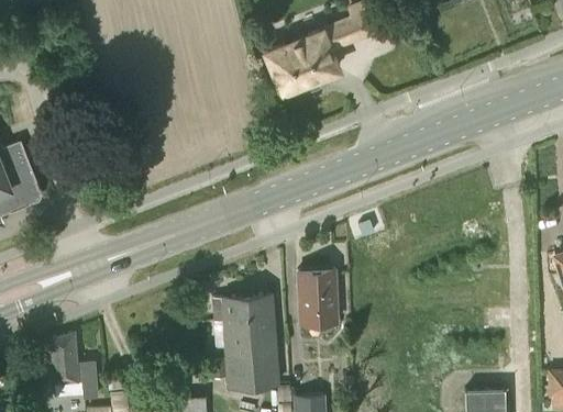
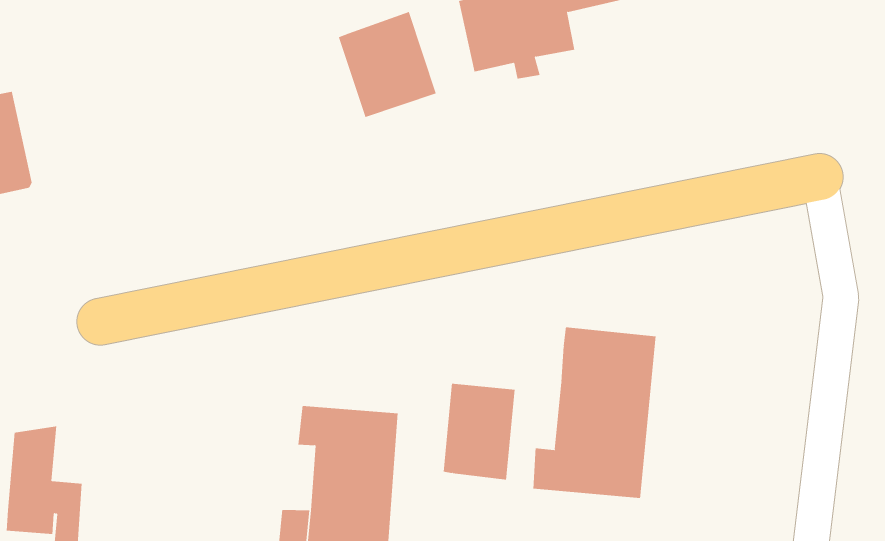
building: none -> [338,11,437,118]
building: none -> [533,326,656,499]

